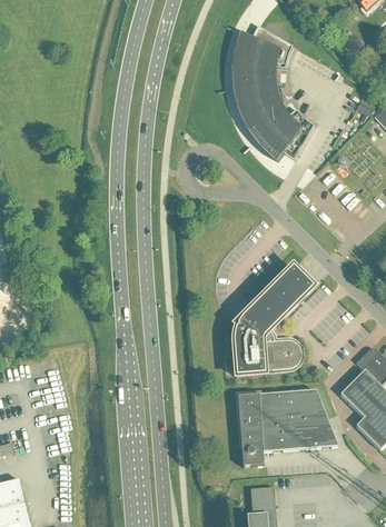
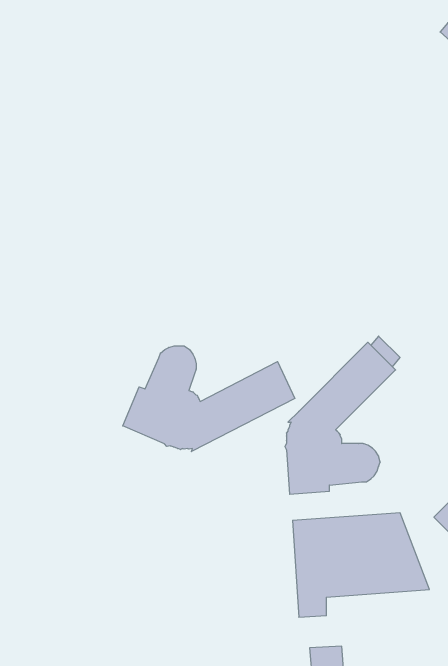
building: [235,27,314,161] -> none
building: none -> [123,346,295,452]

